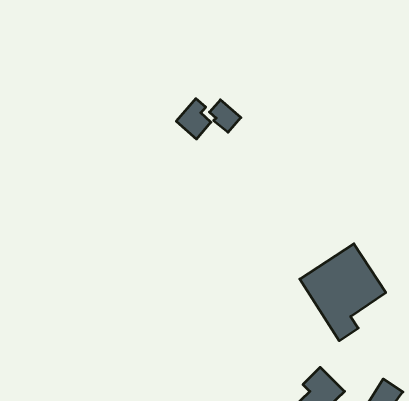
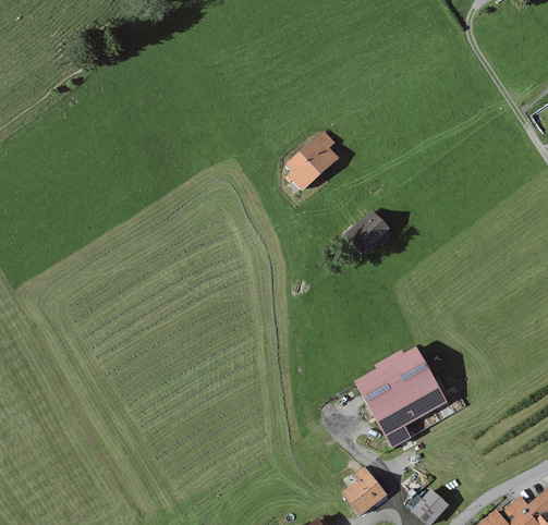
building: [176,99,211,139] -> [295,136,333,181]
building: none -> [349,211,391,253]

